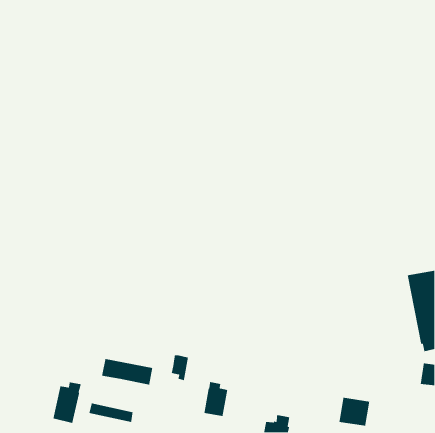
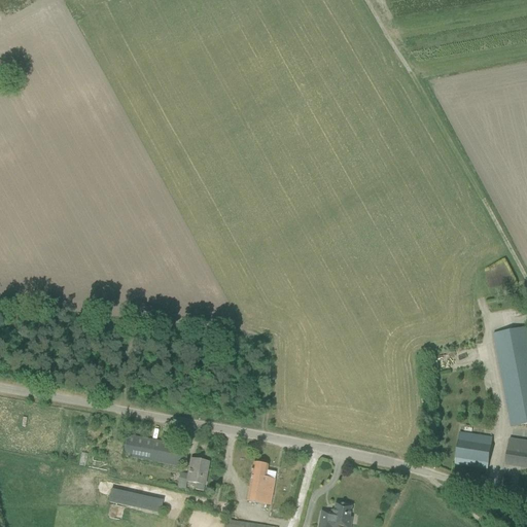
building: [171,355,189,381] -> [186,458,208,490]
building: [53,381,82,424] -> none
building: [339,397,370,427] -> [454,431,492,467]

